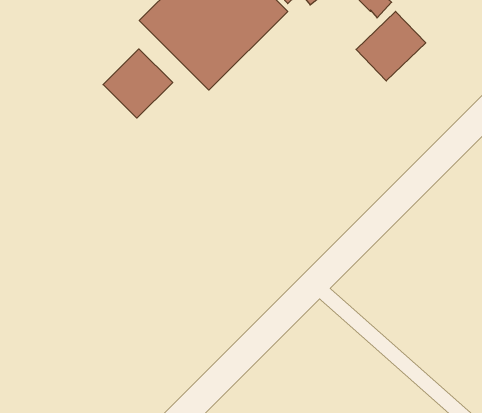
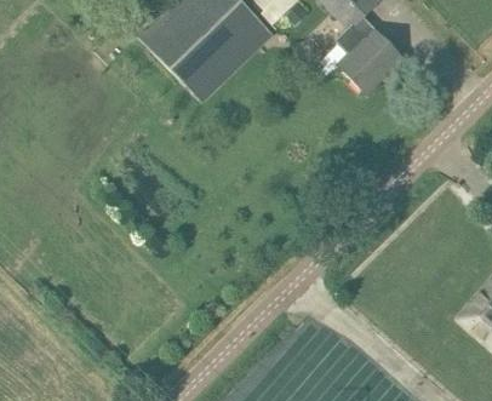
building: [103,49,173,118] -> none

